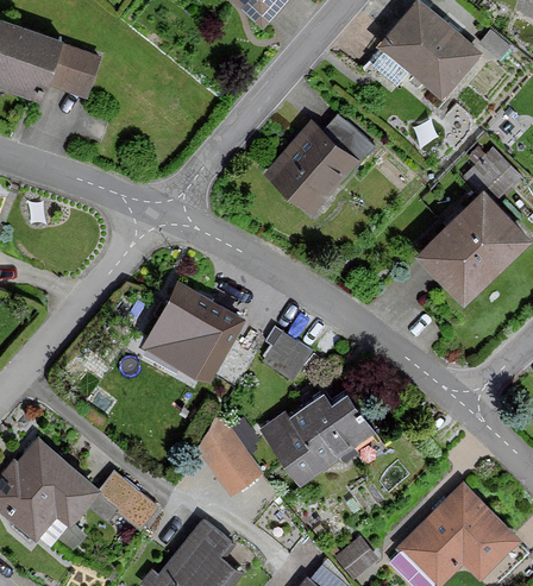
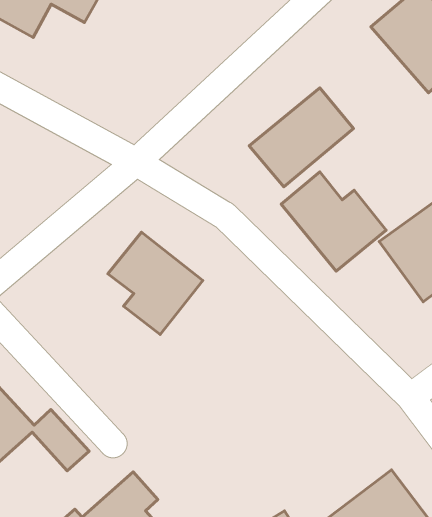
building: none -> [281,172,386,271]
building: [264,329,313,377] -> none
building: [257,385,378,491] -> none
building: [197,418,263,497] -> none

